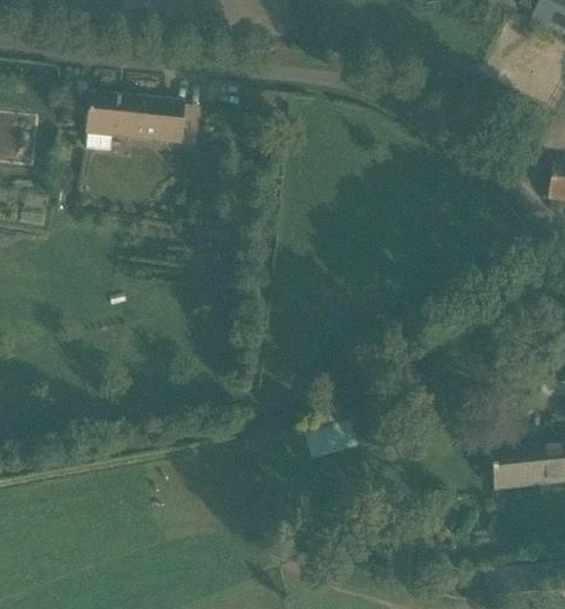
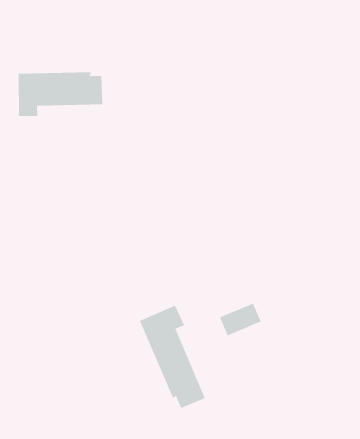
building: none -> [139,305,206,409]

